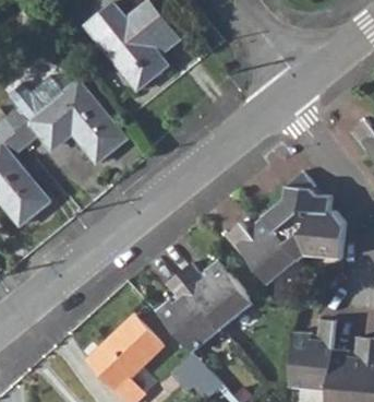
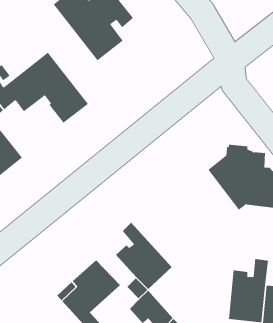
building: [222,214,299,285] -> none
building: [174,259,252,327] -> none

